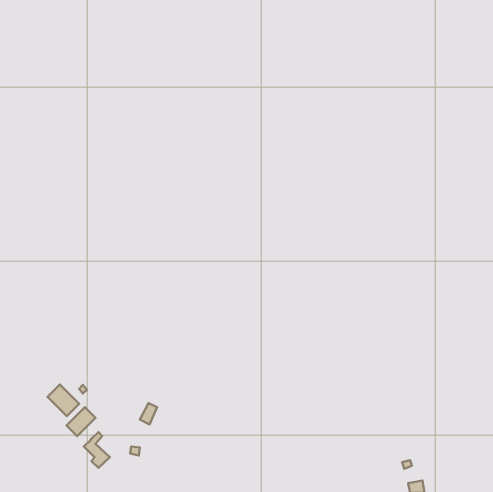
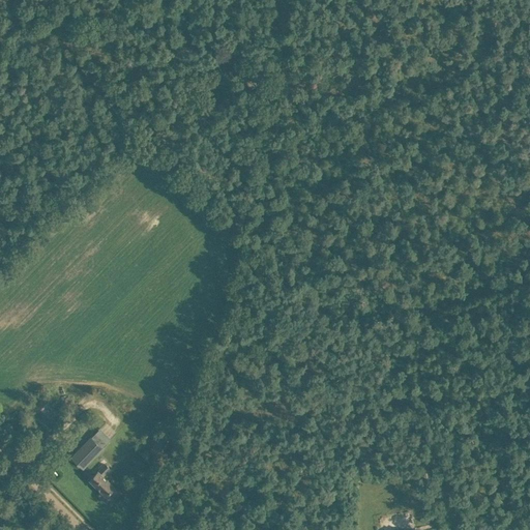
building: [47,385,79,416] -> none

